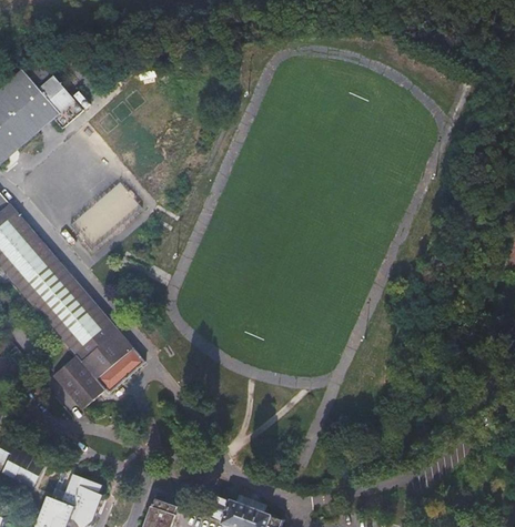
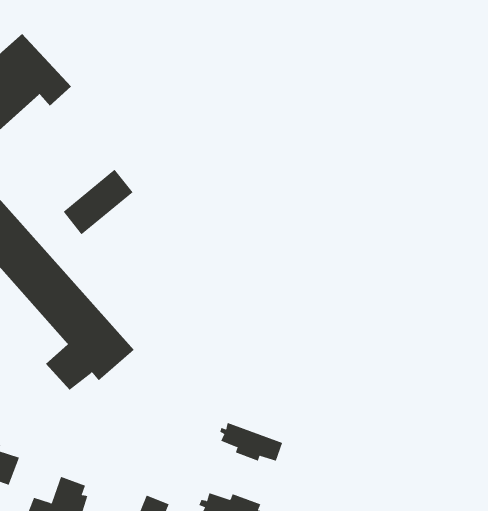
building: none -> [220,422,283,461]

